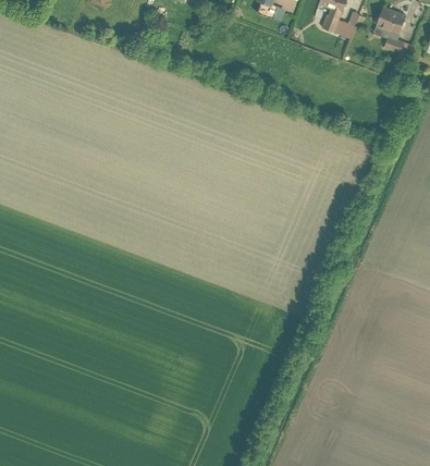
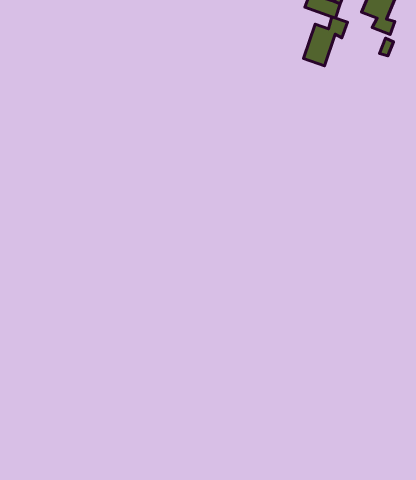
building: none -> [303,17,348,66]

